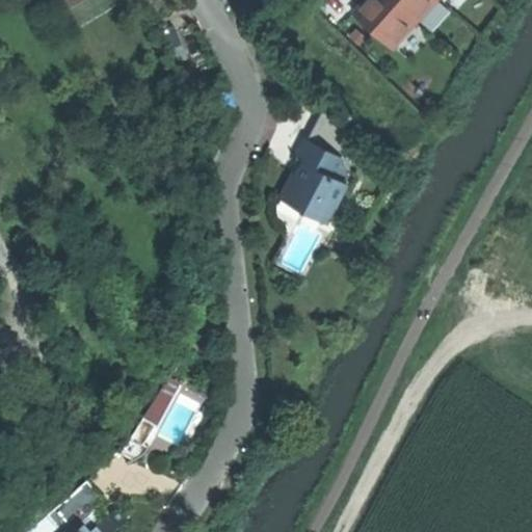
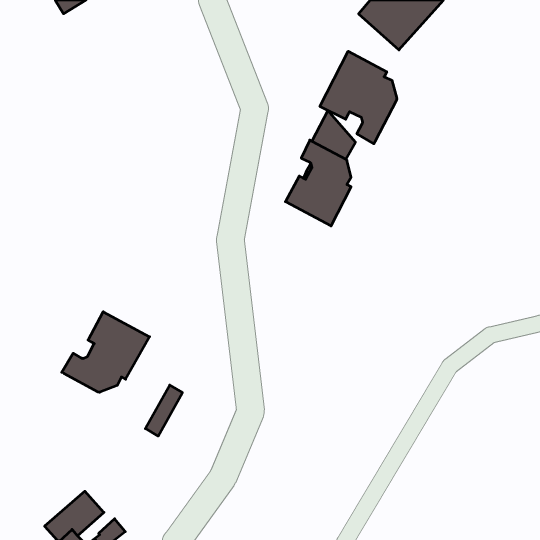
building: none -> [320,51,397,144]
building: none -> [62,312,150,392]

